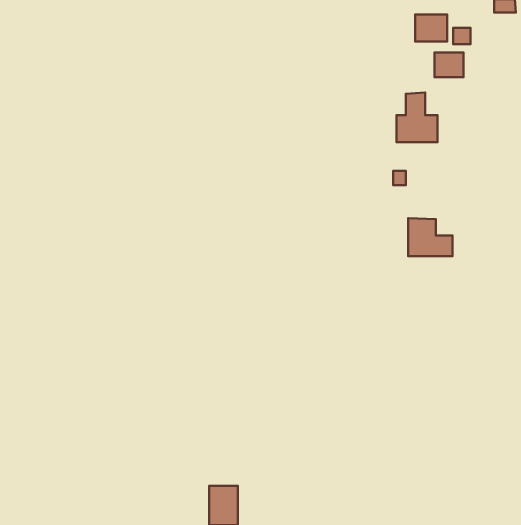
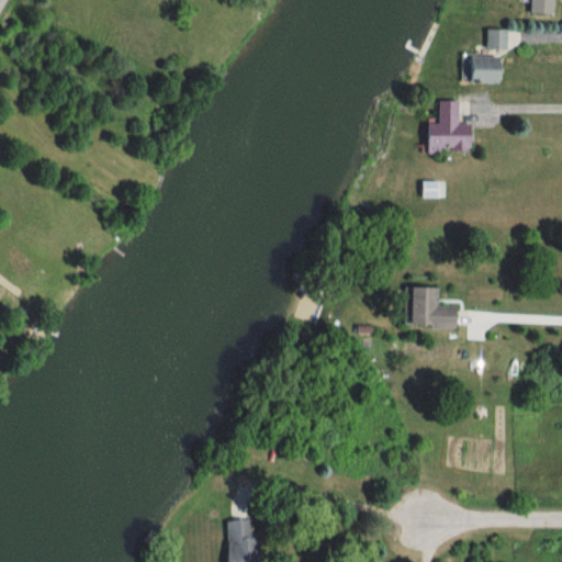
building: [415,15,447,42] -> none
building: [408,218,452,256] -> [411,286,458,327]

